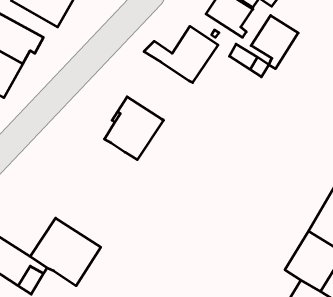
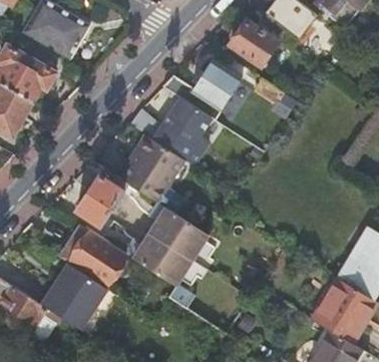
building: [251,15,298,69] -> none
building: none -> [126,98,210,164]
building: none -> [74,169,126,228]
building: none -> [138,208,215,286]
building: none -> [60,228,124,287]

